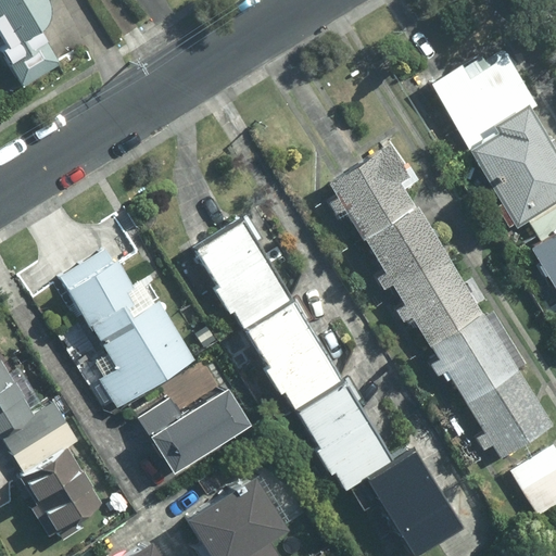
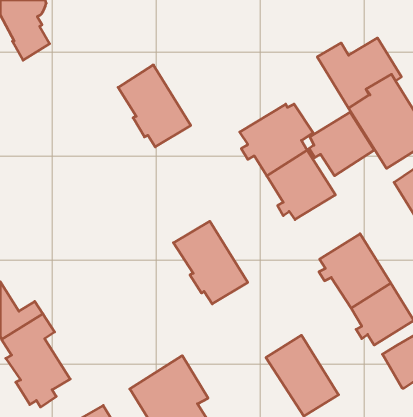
building: [191,217,287,325] -> [118,65,191,147]
building: [62,250,198,408] -> none
building: [399,263,484,346] -> [309,112,374,176]
building: [292,378,389,490] -> none
building: [141,386,248,472] -> none

